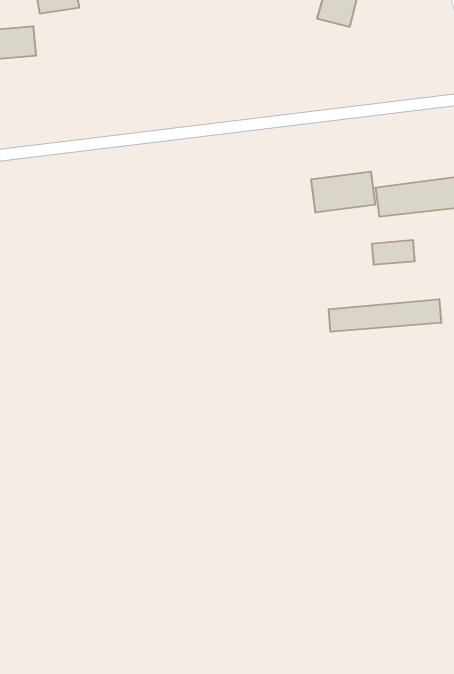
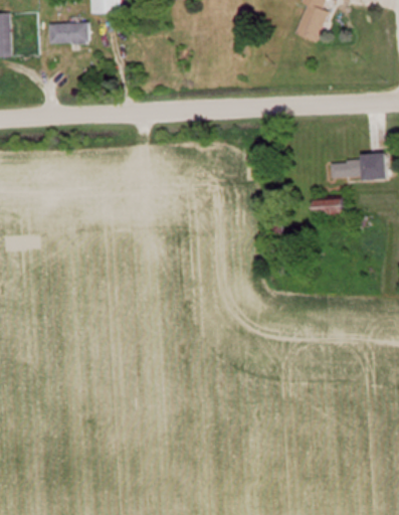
building: [311,171,375,213] -> none
building: [329,299,441,332] -> none

